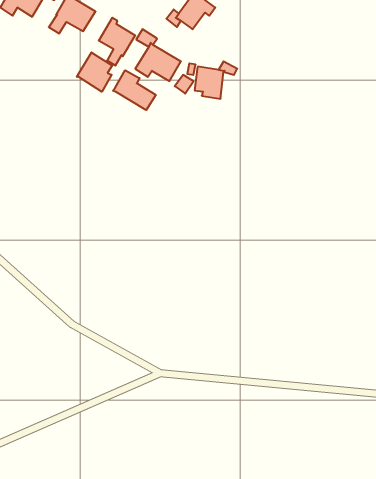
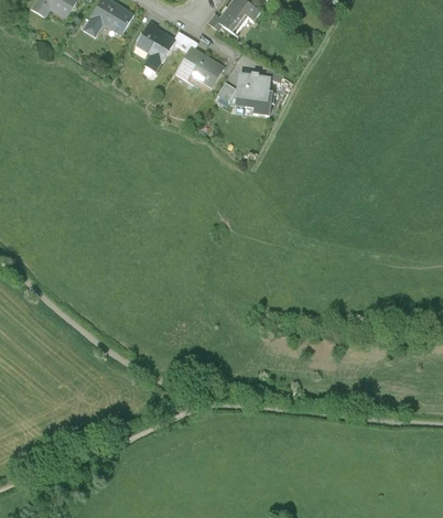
building: [77,52,112,92] -> none
building: [113,70,156,110] -> none

